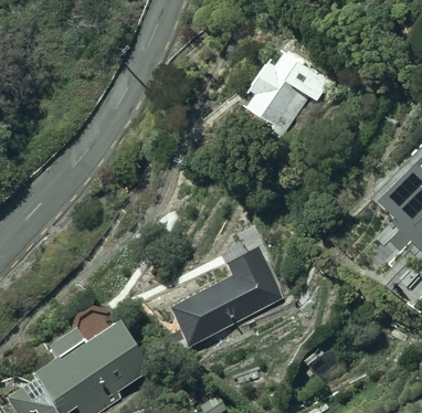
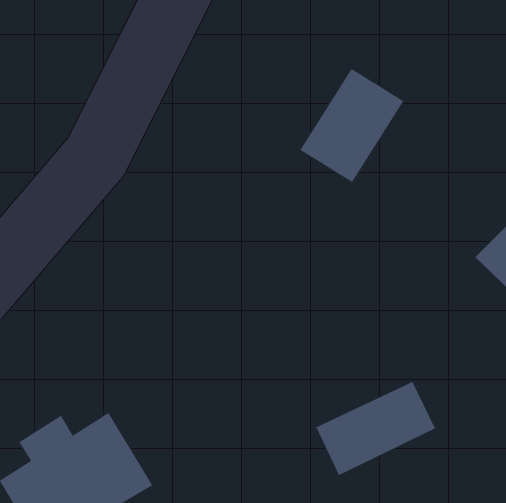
building: [168,267,261,340] -> [315,381,436,476]

